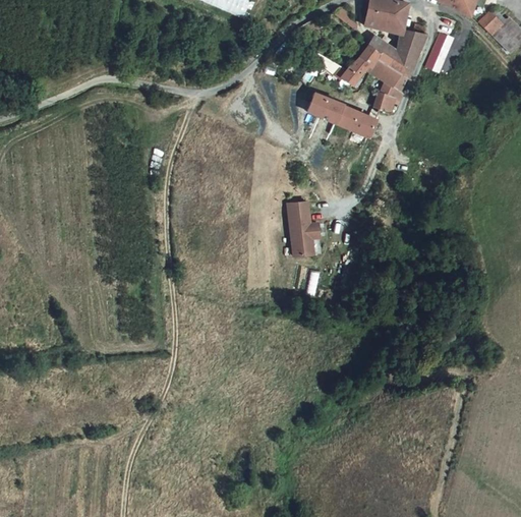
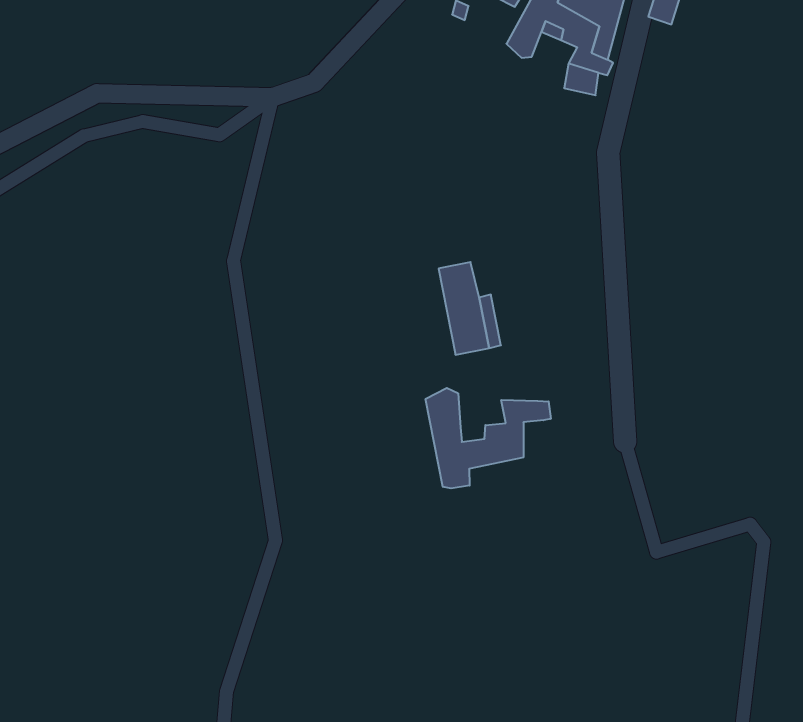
building: [309,92,375,137] -> none
building: none -> [426,388,551,488]

